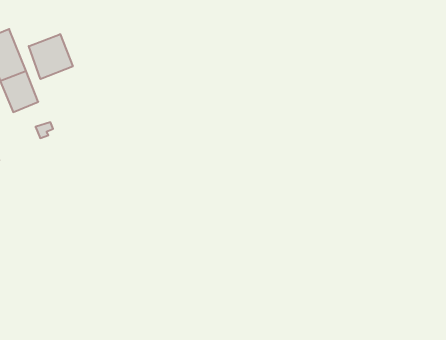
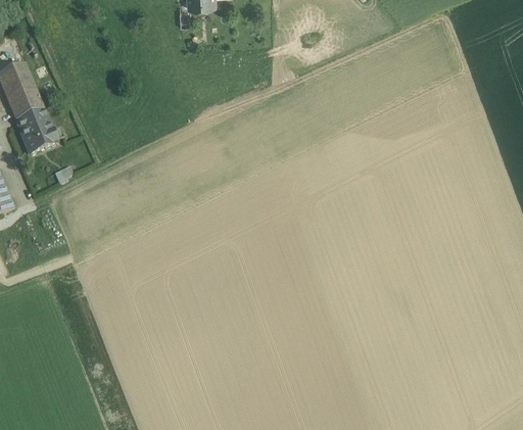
building: [29,34,73,79] -> none

